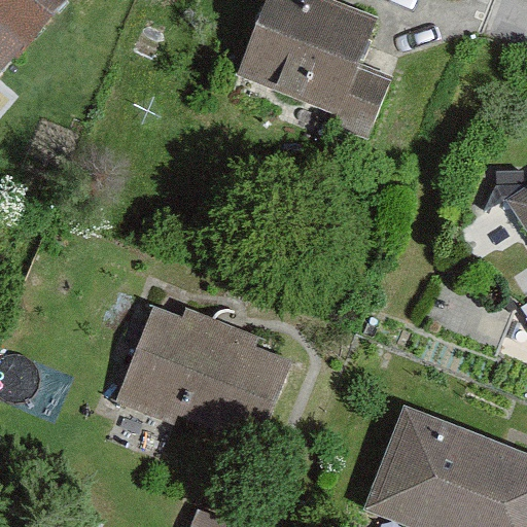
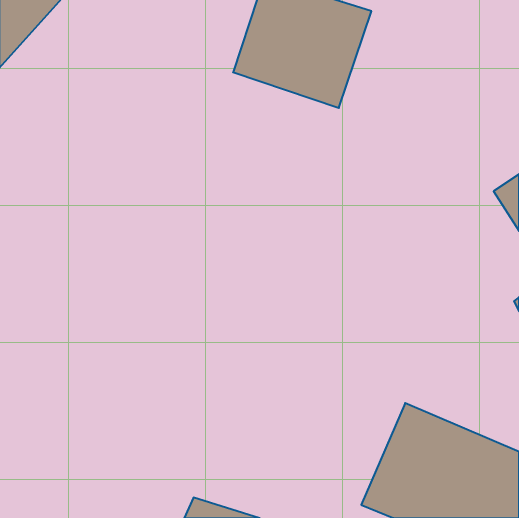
building: [122,308,300,457] -> none

